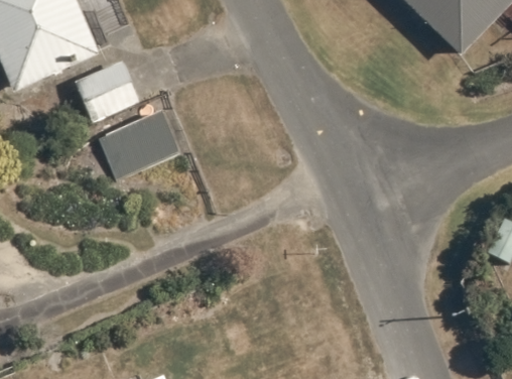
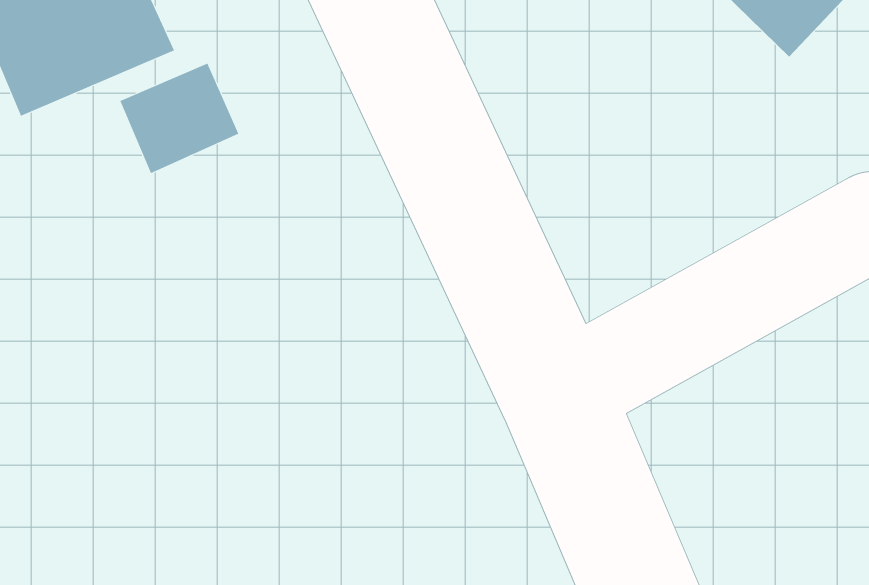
building: [98,108,182,177] -> none

